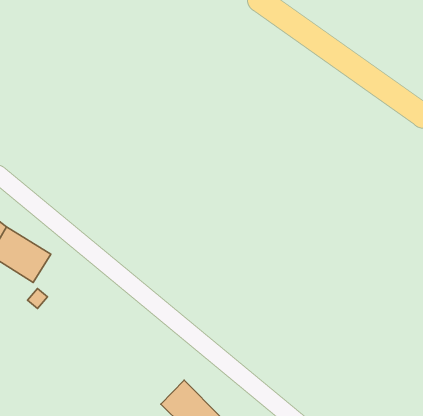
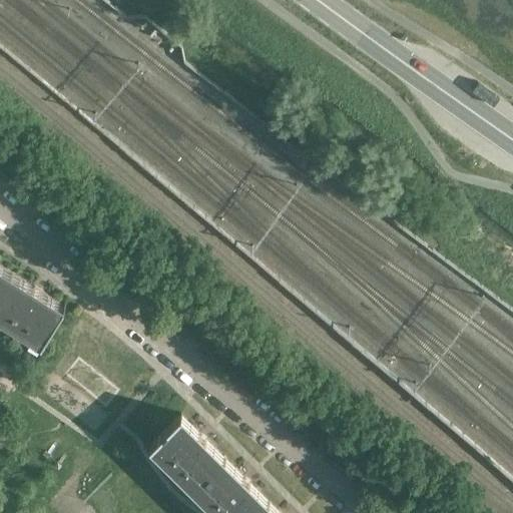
building: none -> [148,425,221,498]

